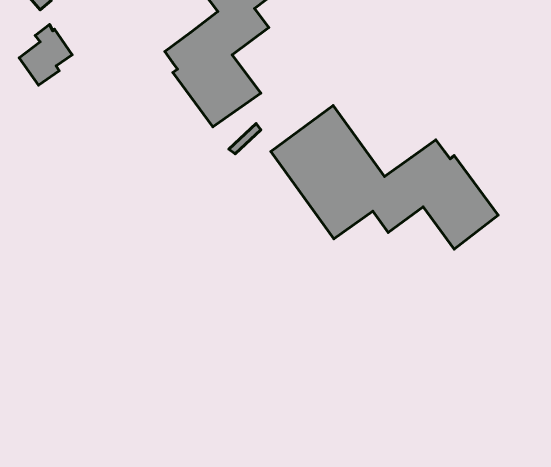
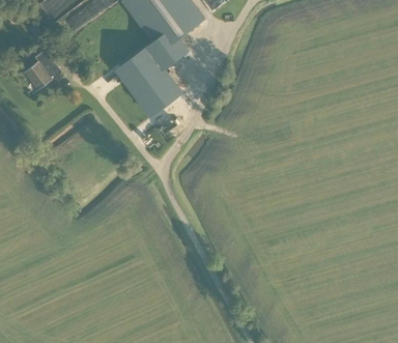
building: [271,105,498,249] -> none

